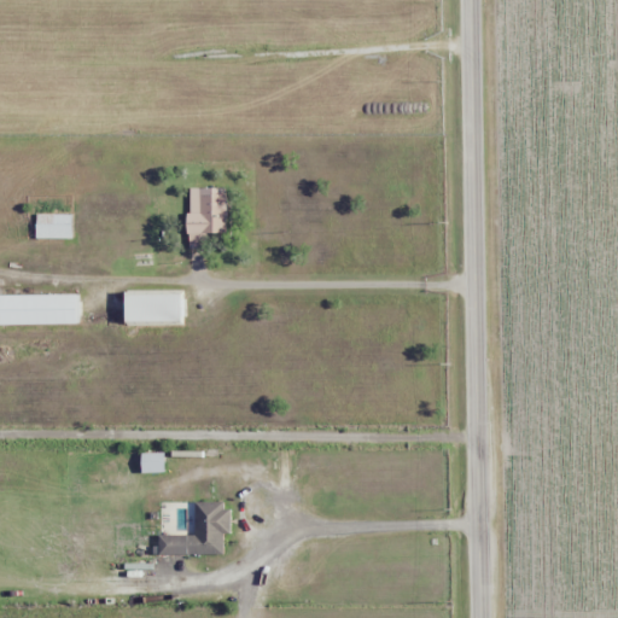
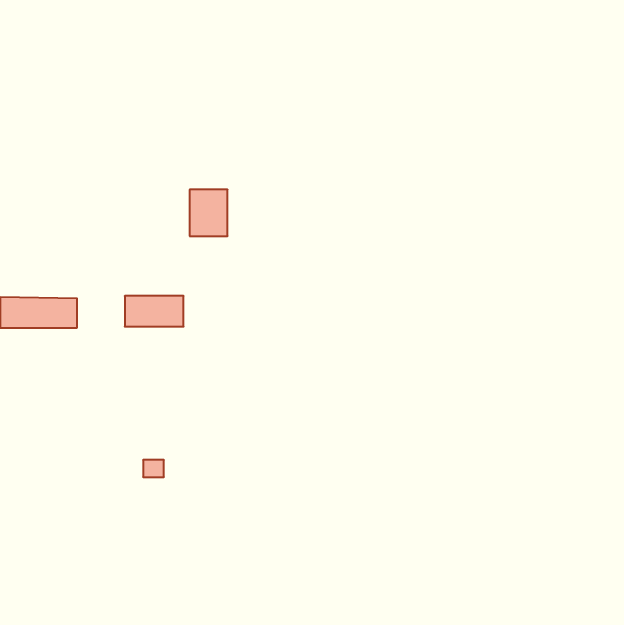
building: [35,214,72,239] -> none
building: [158,502,229,555] -> none

